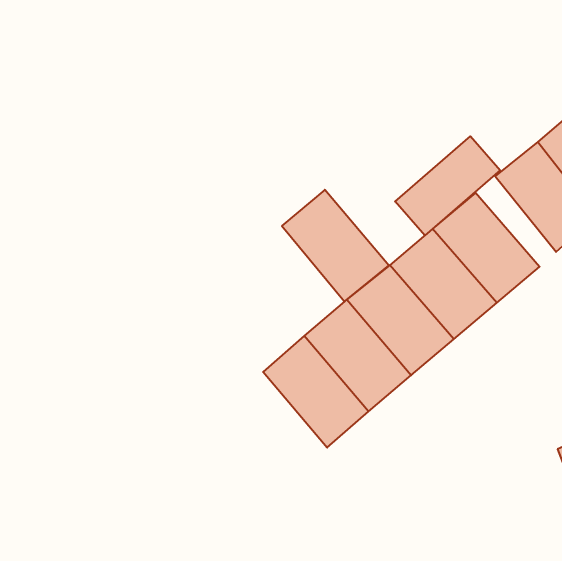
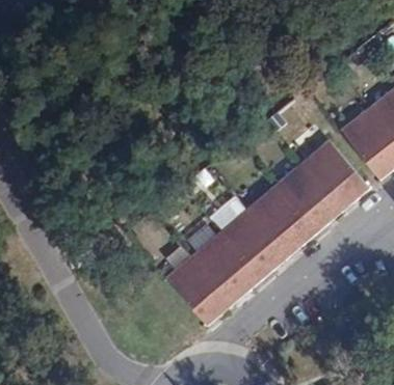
building: [395,136,500,236] -> none
building: [282,190,389,302] -> [167,254,235,325]

